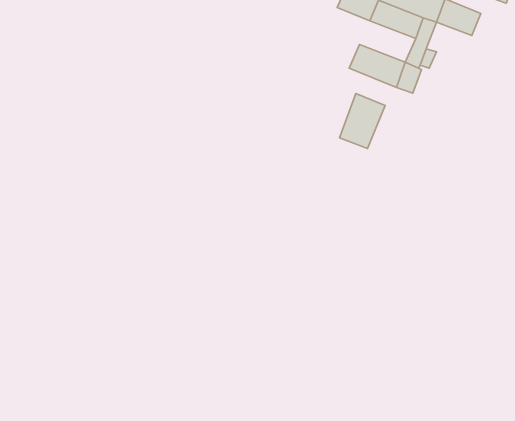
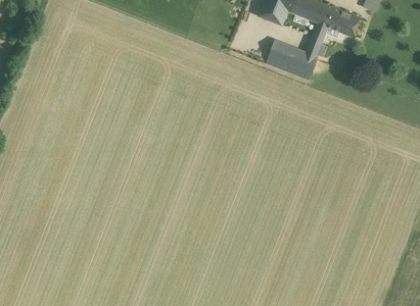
building: [340,94,385,149] -> none

